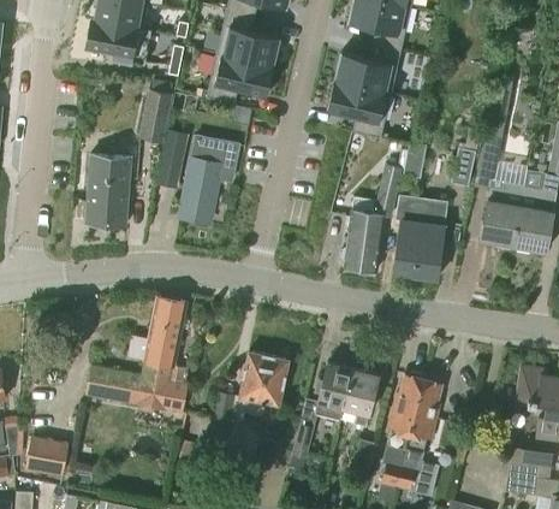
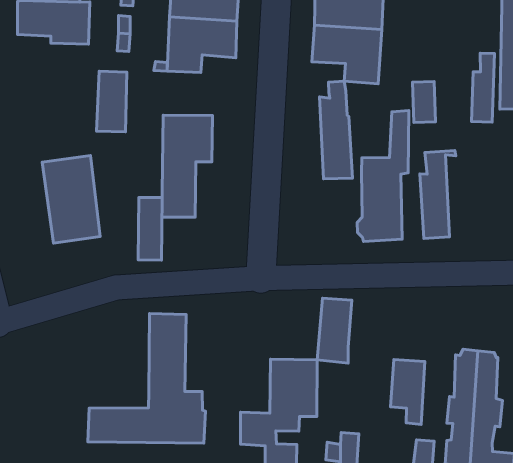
building: [157,130,186,185] -> [138,197,162,260]
building: [416,196,447,279] -> [319,81,352,179]
building: [315,363,352,421] -> [317,298,352,363]

